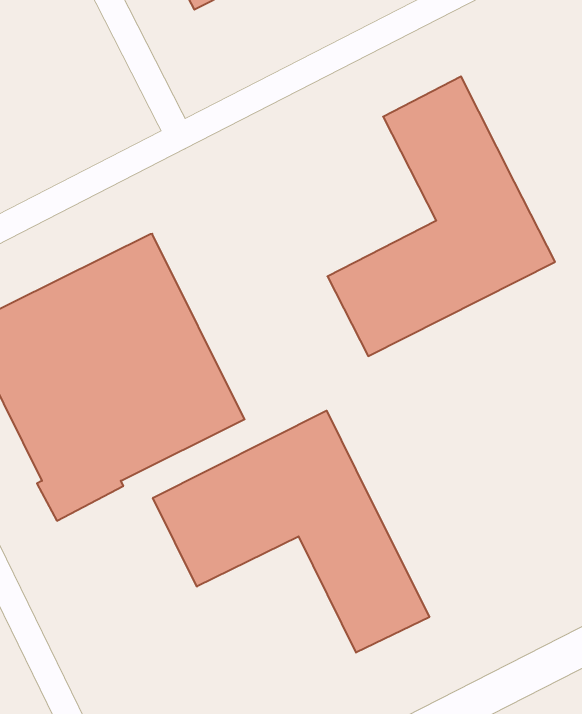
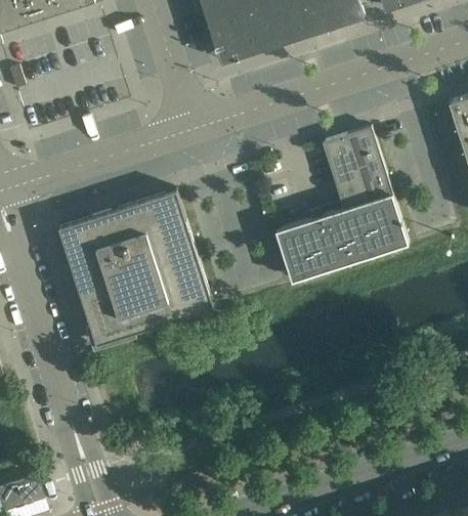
building: [153,411,429,653] -> none

